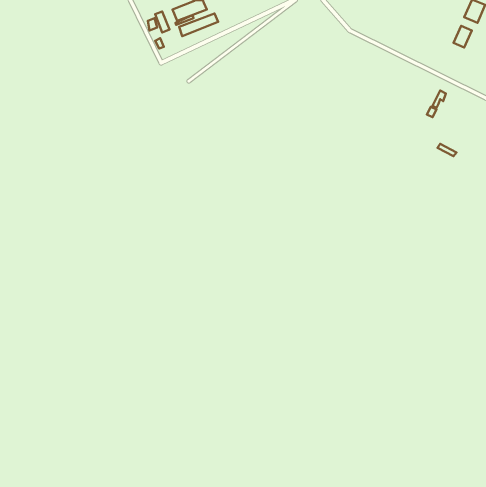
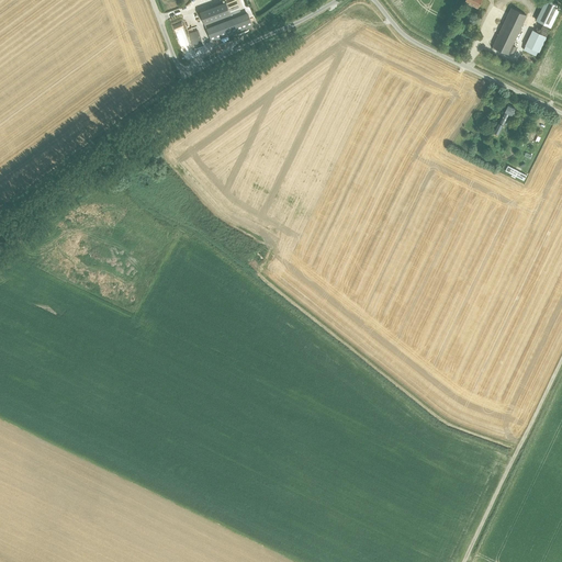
building: none -> [492,8,526,54]

